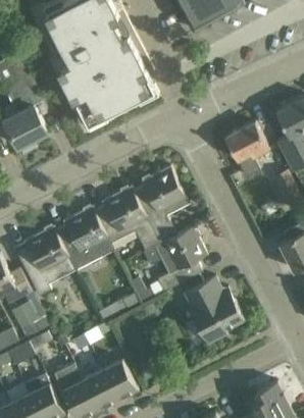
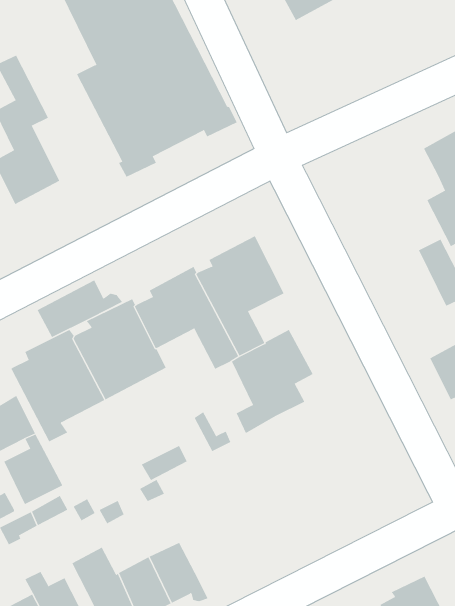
building: [224,121,267,176] -> none
building: none -> [37,280,123,338]
building: [183,276,243,343] -> none

